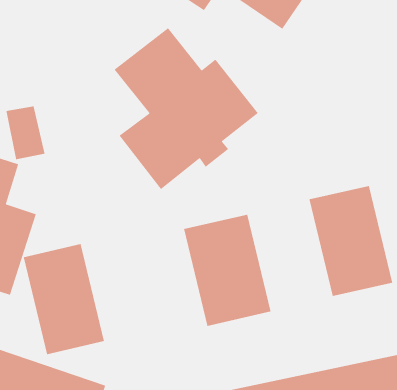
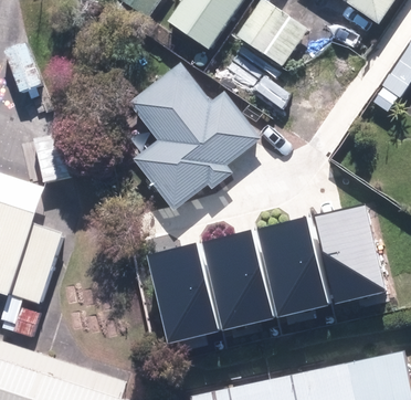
building: none -> [250,217,325,317]
building: [23,243,105,355] -> [140,243,213,343]

